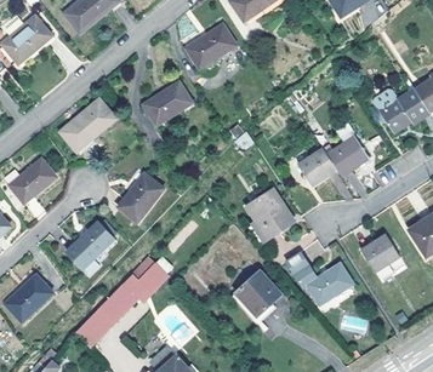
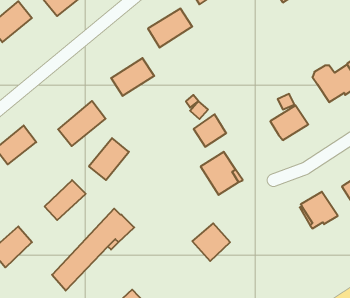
building: [61,98,115,150] -> [58,101,106,146]
building: [298,148,336,185] -> [194,114,226,147]
building: [286,251,353,304] -> none

